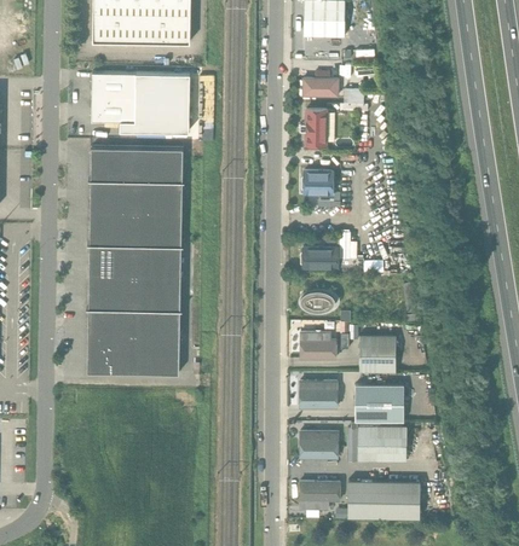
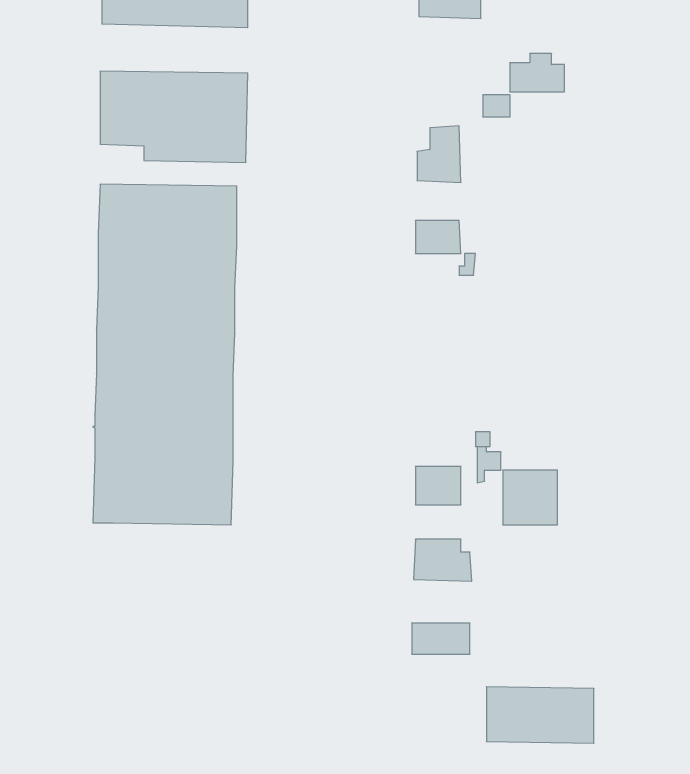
building: [304,70,340,95] -> [510,54,564,92]
building: [301,240,334,268] -> none
building: [307,286,341,308] -> none
building: [356,387,404,423] -> none
building: [357,429,405,463] -> none
building: [300,480,342,509] -> none

